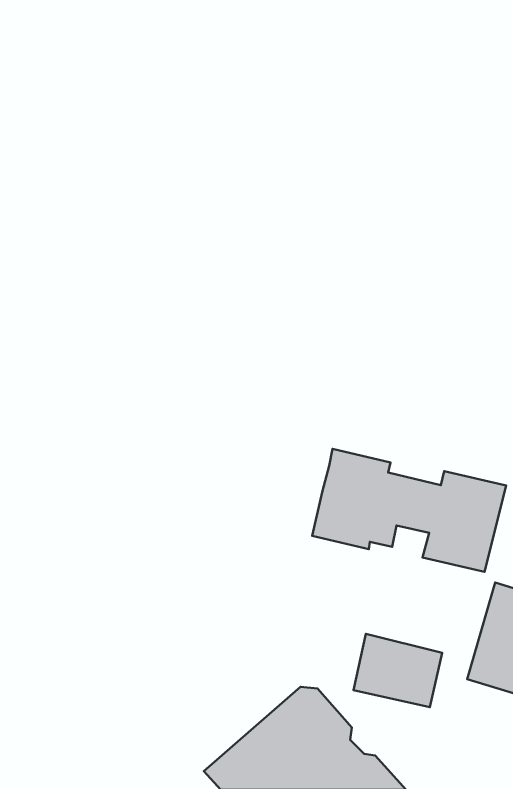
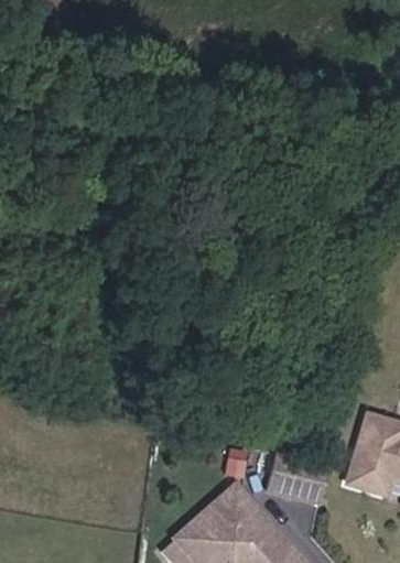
building: [312,449,506,572] -> none

